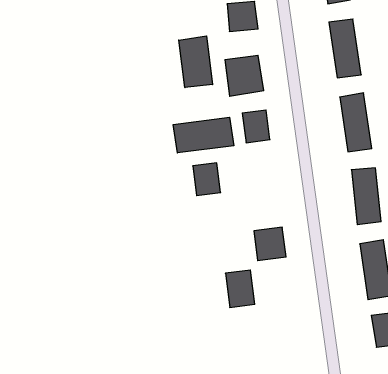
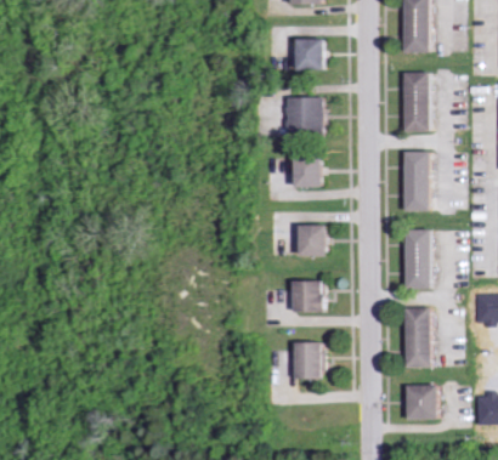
building: [179,36,213,88] -> none
building: [173,117,234,153] -> none
building: [193,163,221,196] -> [301,225,327,256]
building: [225,270,255,307] -> [295,342,322,379]

